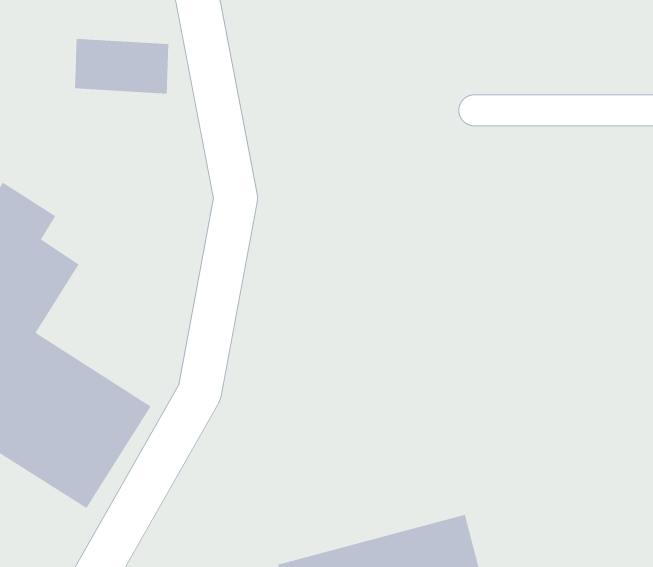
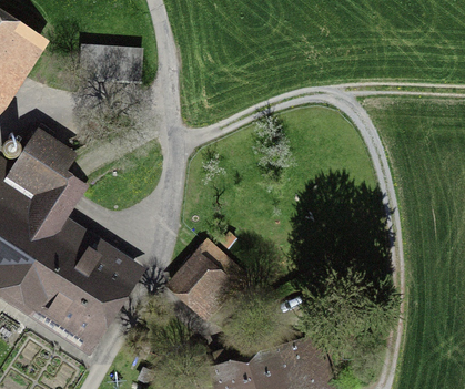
building: none -> [168,240,252,325]

